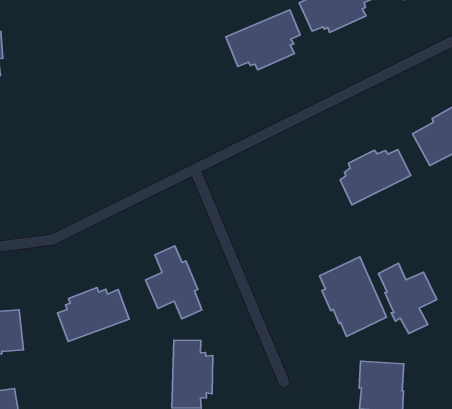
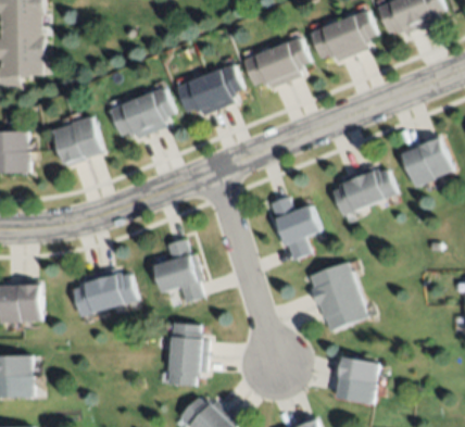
building: none -> [177,64,242,114]
building: none -> [111,88,174,138]
building: none -> [55,116,104,165]
building: [378,263,437,333] -> [271,196,321,259]

